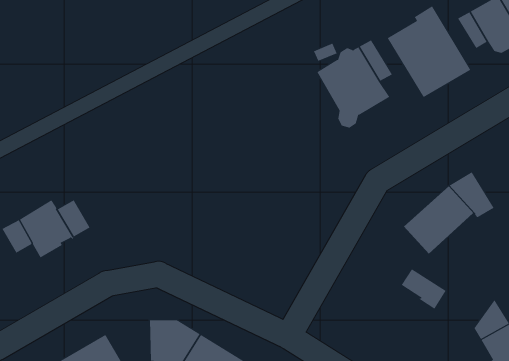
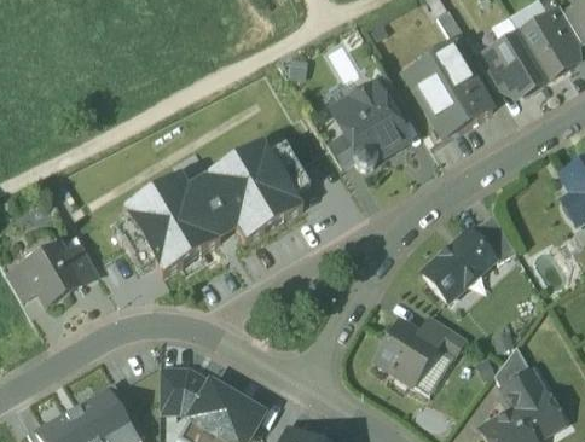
building: none -> [123,141,303,275]
building: none -> [373,324,440,385]

